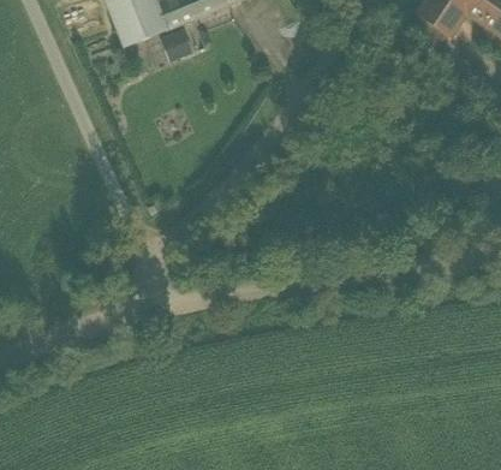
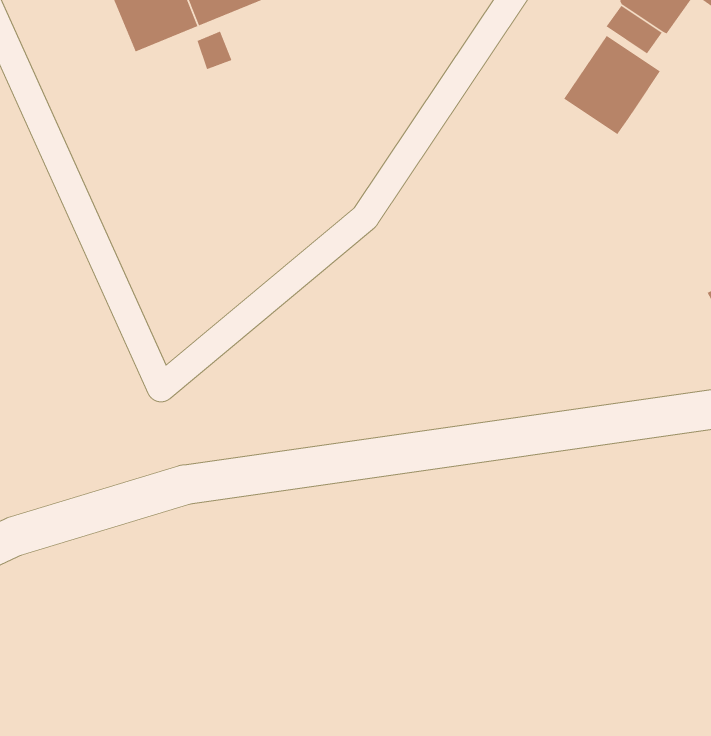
building: none -> [563,35,661,135]

